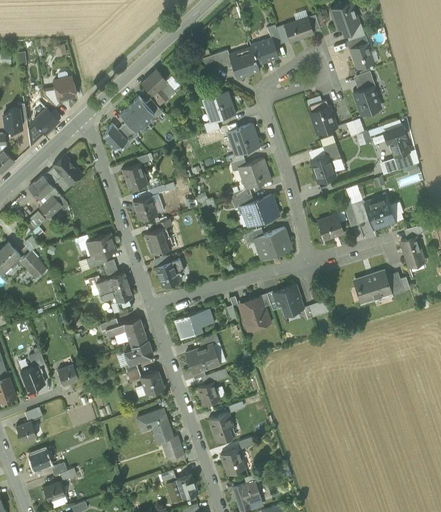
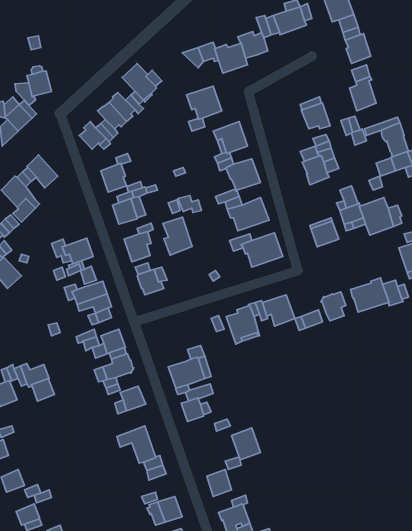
building: none -> [163,217,192,255]
building: none -> [321,292,346,321]
building: [174,309,212,339] -> none
building: [208,412,235,442] -> [232,428,261,460]

